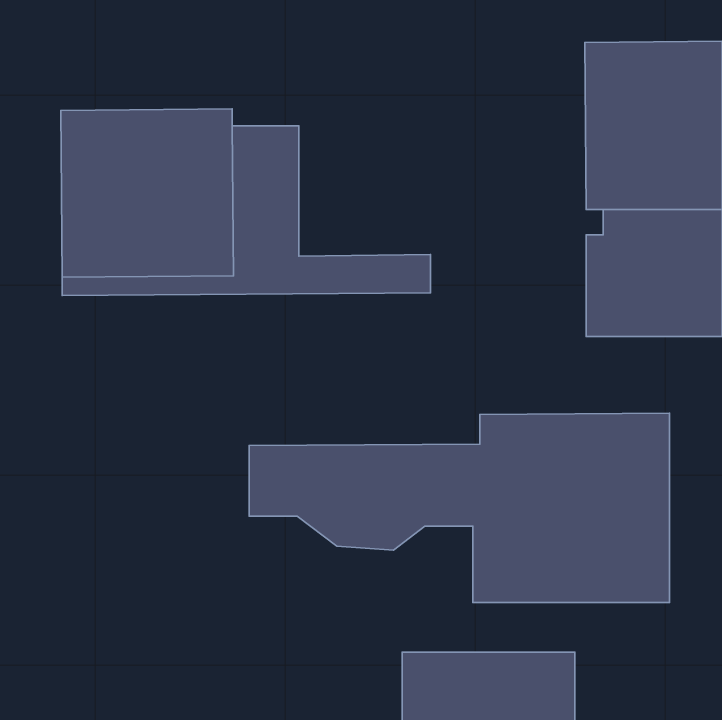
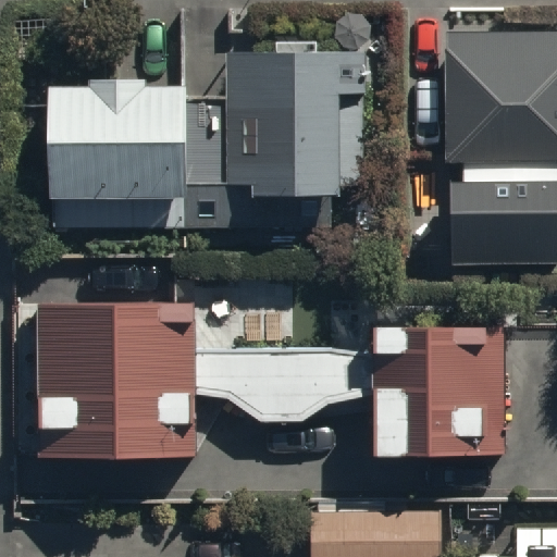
building: none -> [230,52,367,199]
building: none -> [37,300,195,451]

